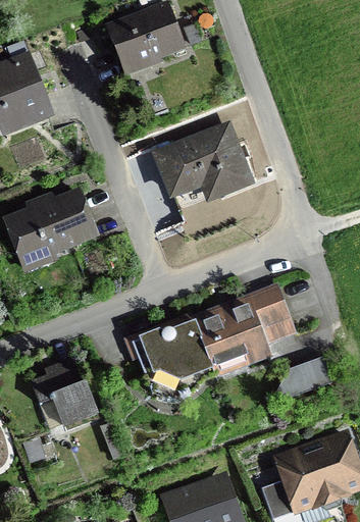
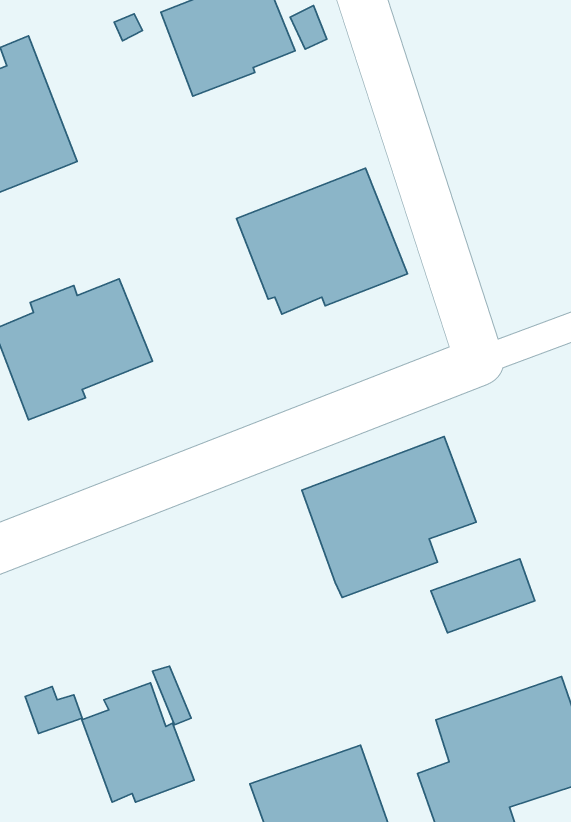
building: [122,311,211,393] -> none
building: [31,357,99,429] -> [82,683,194,802]

